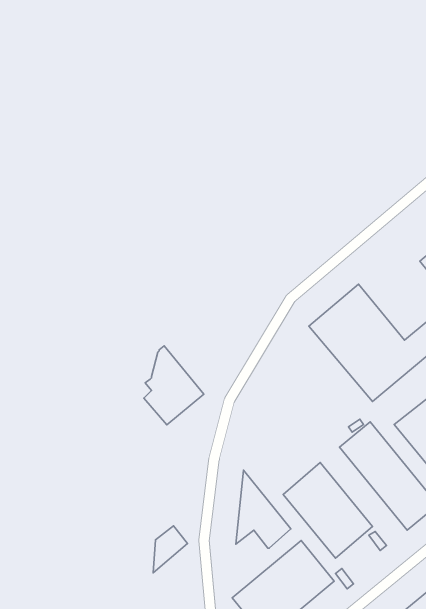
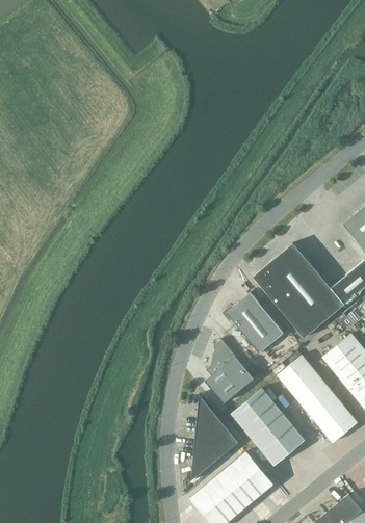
building: none -> [226,292,284,354]
building: [144,346,204,425] -> [205,339,254,403]
building: [153,526,188,573] -> [191,443,219,481]

